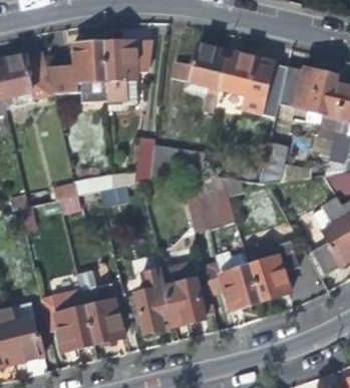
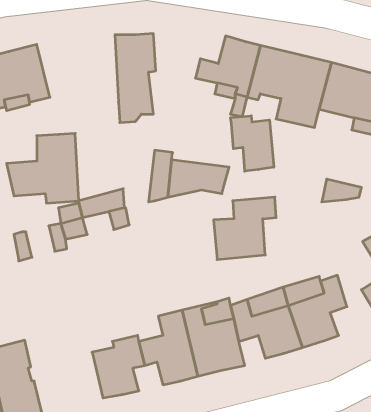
building: [48,40,108,98] -> [7,133,79,203]
building: none -> [231,116,274,171]
building: [41,288,95,350] -> none

